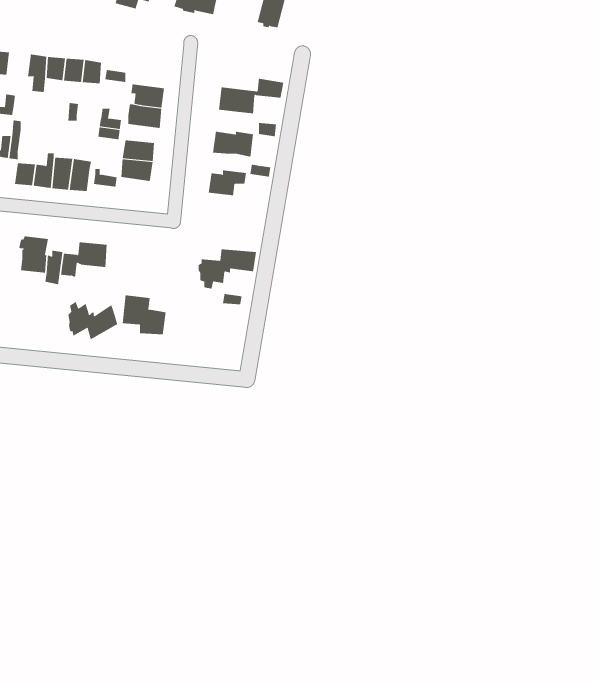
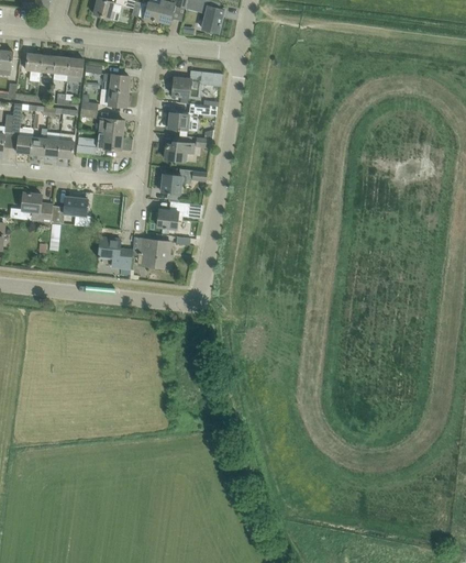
building: none -> [160,168,207,199]
building: none -> [137,238,170,268]
building: [68,301,118,340] -> none

